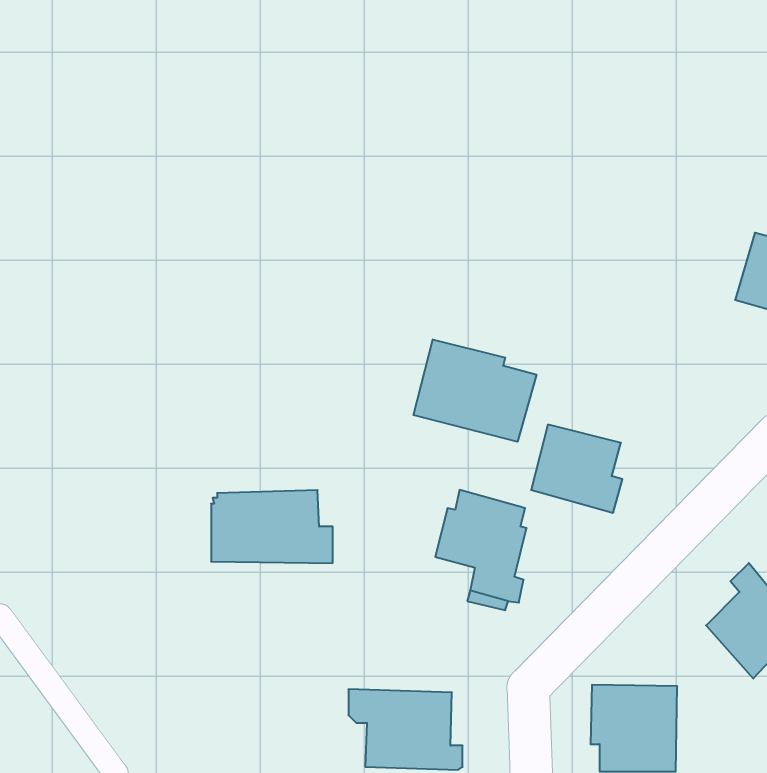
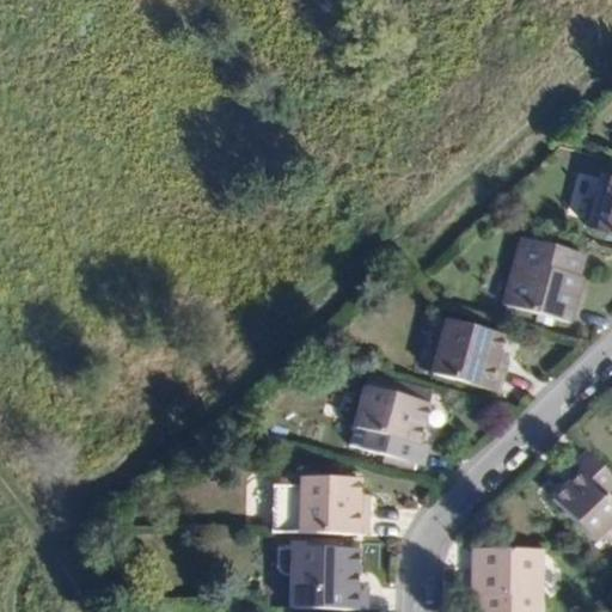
building: none -> [501,251,579,337]
building: [413,339,536,442] -> none
building: [211,490,333,563] -> [277,475,373,532]

